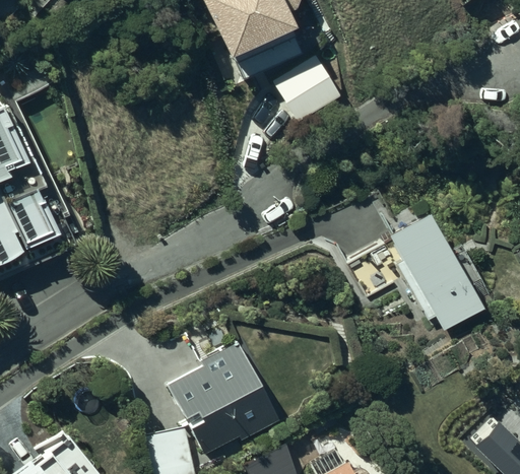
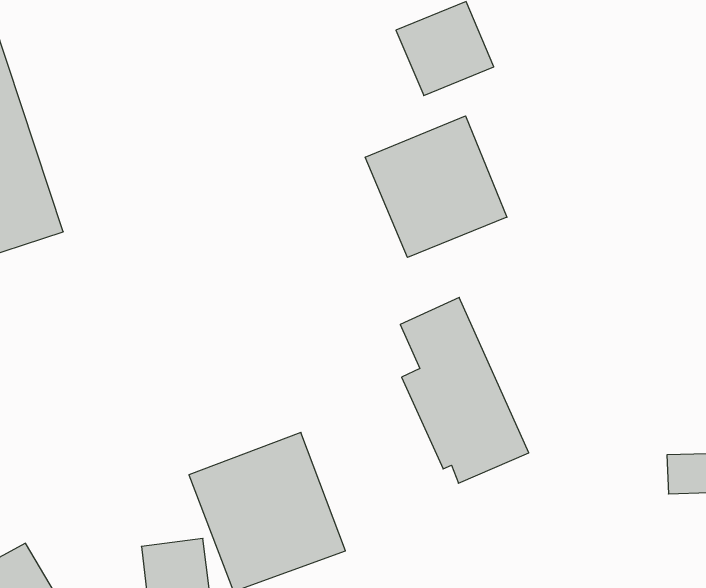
building: none -> [365,116,507,257]
building: [391,206,485,328] -> [400,297,529,483]

